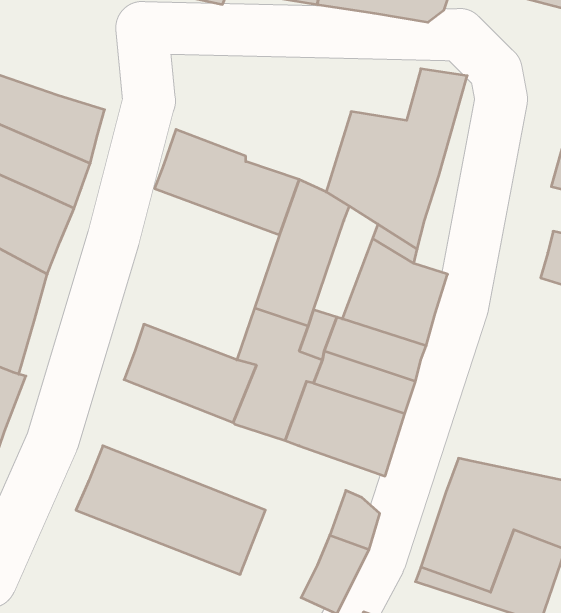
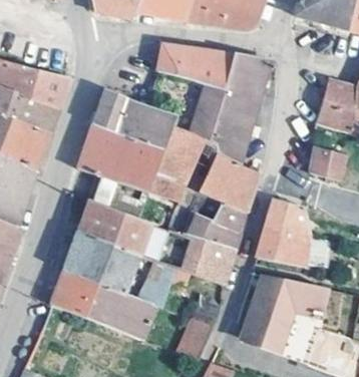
building: none -> [156,42,243,84]
building: none -> [78,122,163,219]
building: none -> [257,199,313,265]
building: none -> [64,230,174,305]

